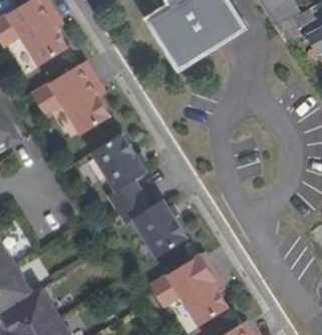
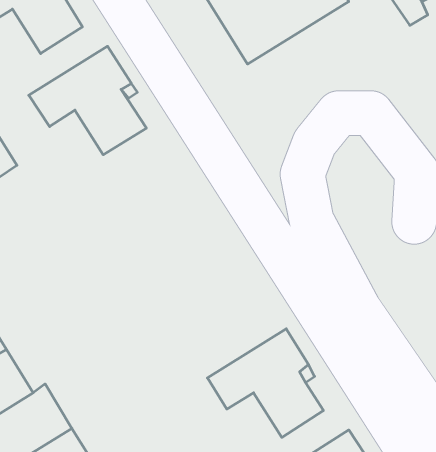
building: [91,131,188,256] -> none

